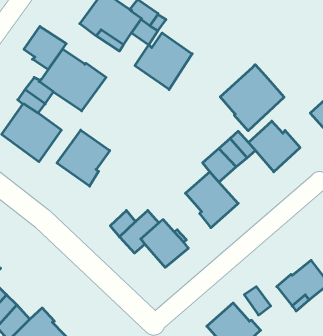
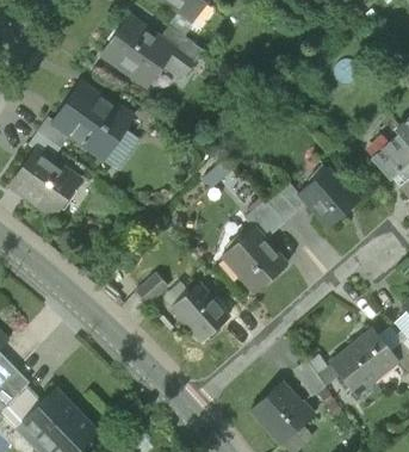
building: [24,26,66,70] -> none
building: [135,33,192,90] -> none
building: [220,65,284,131] -> none
building: [57,130,110,186] -> none

